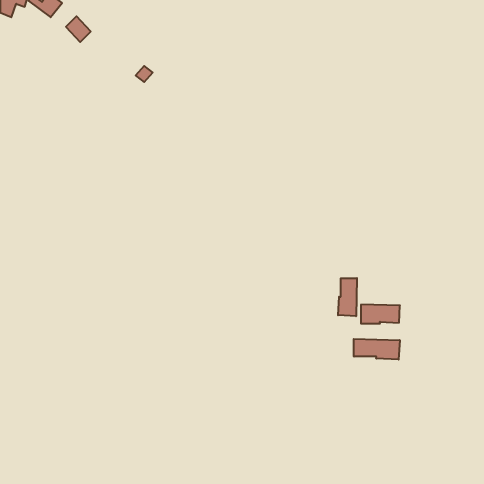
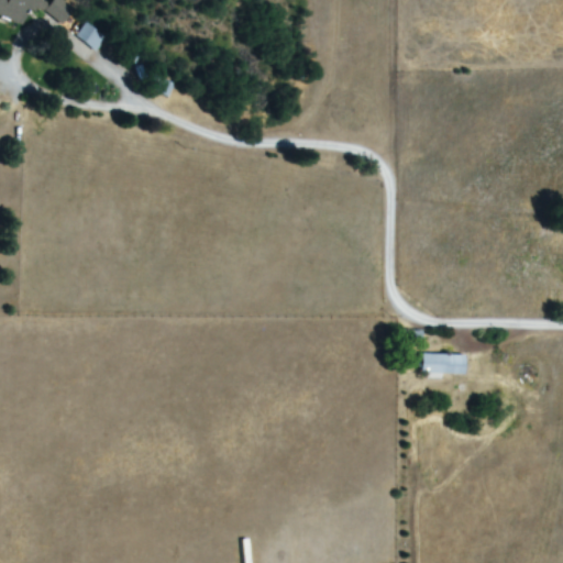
building: [338,278,357,316] -> none
building: [354,339,400,360] -> none

